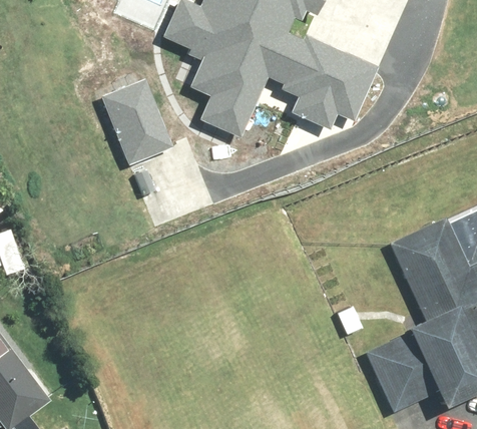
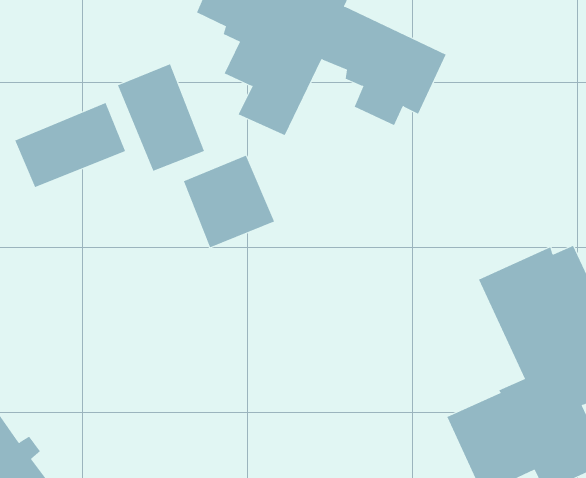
building: none -> [15,102,126,188]
building: none -> [183,155,275,248]

